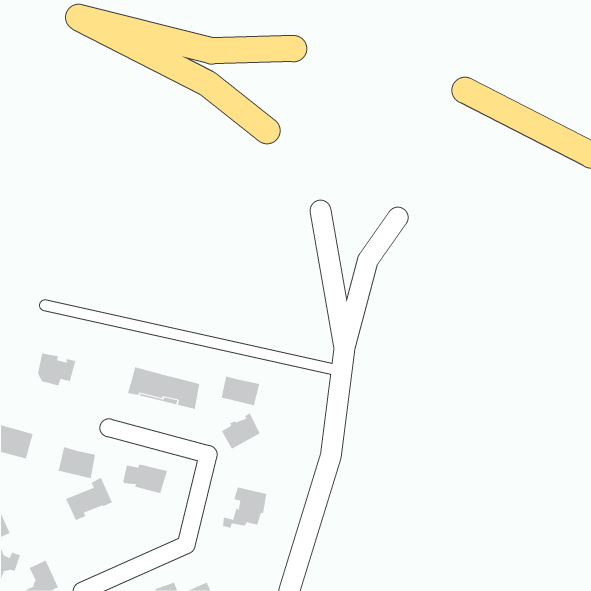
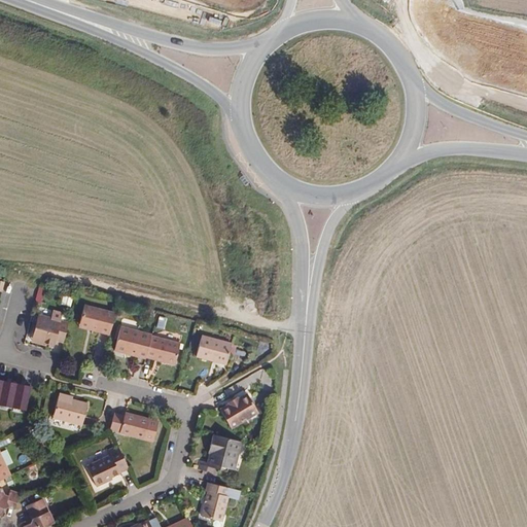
building: none -> [79,304,113,332]
building: [221,413,260,450] -> [221,393,256,426]
building: [65,477,113,521] -> [85,446,128,485]
building: none -> [202,482,229,521]

